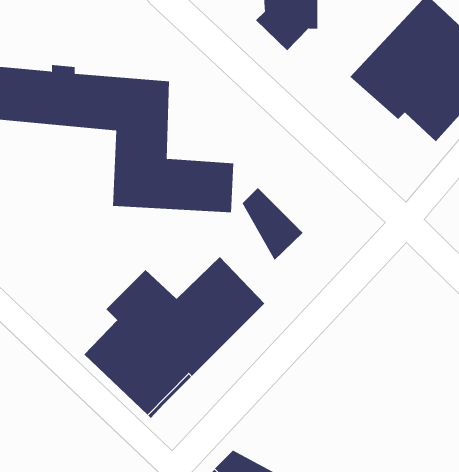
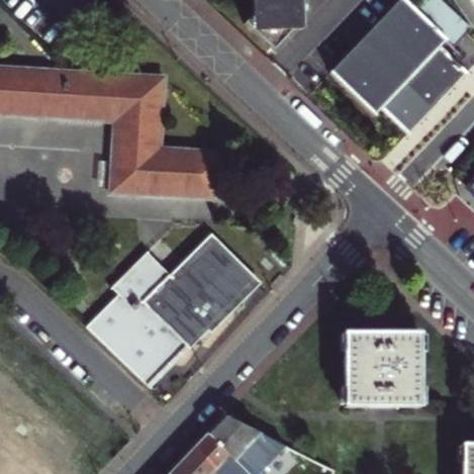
building: [242,187,303,261] -> none
building: none -> [344,330,421,407]

